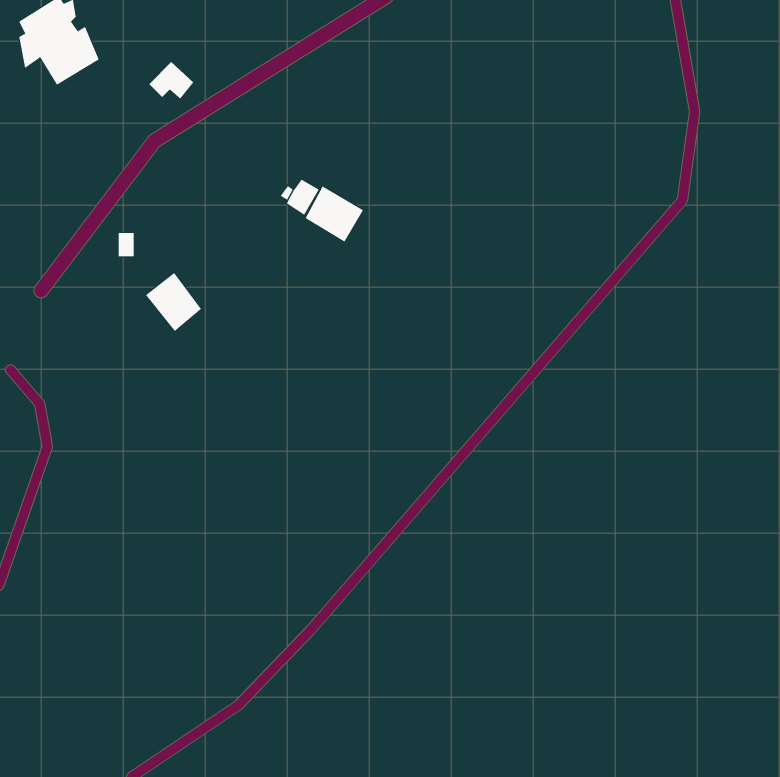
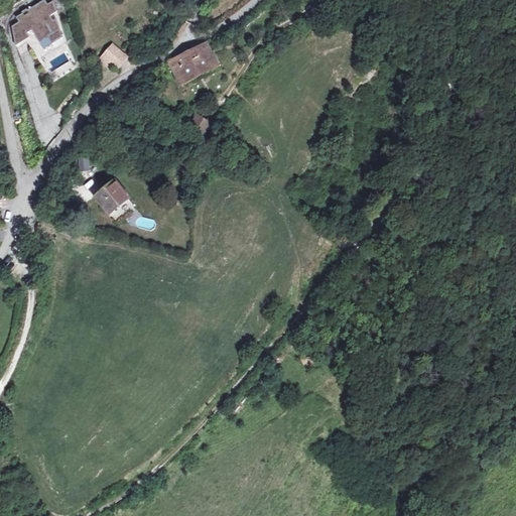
building: none -> [167,40,216,86]
building: [305,186,364,243] -> none

